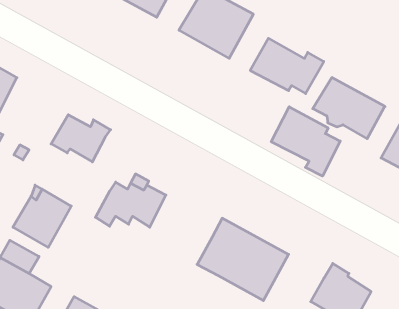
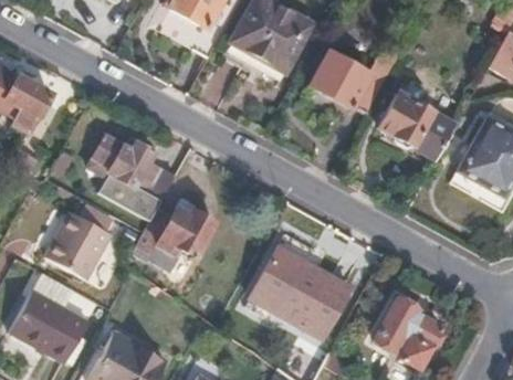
building: [271,107,340,176] -> none
building: none -> [100,157,176,217]

